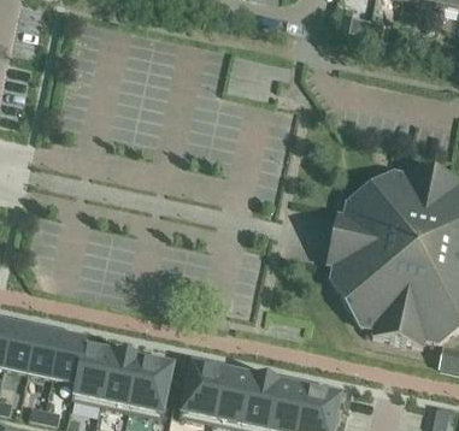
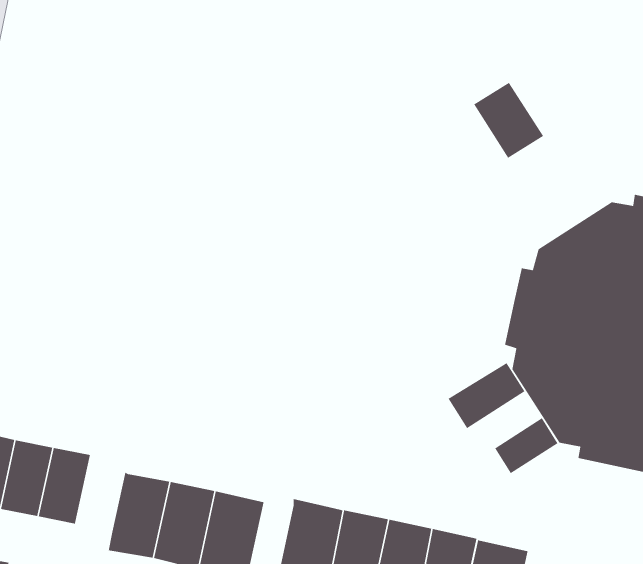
building: none -> [473,82,544,159]
building: none -> [447,362,525,429]
building: none -> [494,417,558,474]
building: [53,332,88,382] -> none

